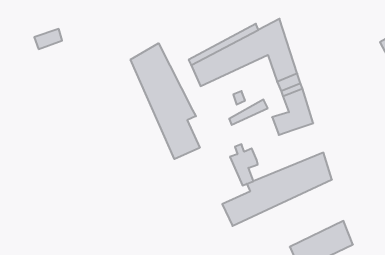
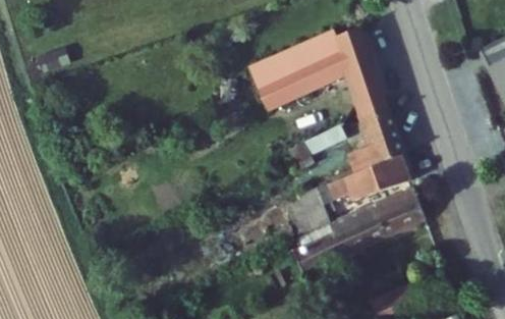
building: [131,43,200,159] -> none
building: none -> [325,151,408,200]

